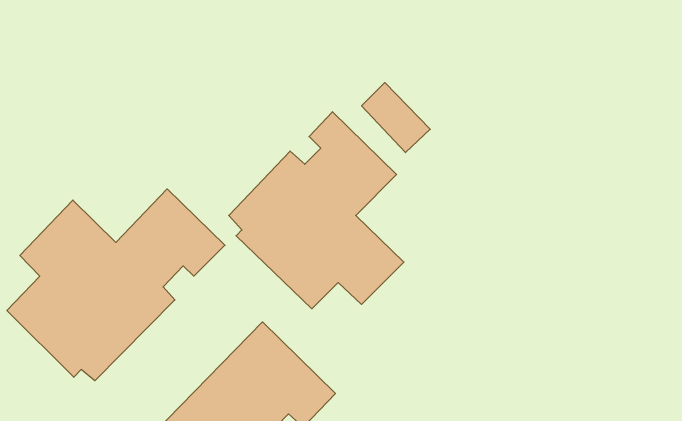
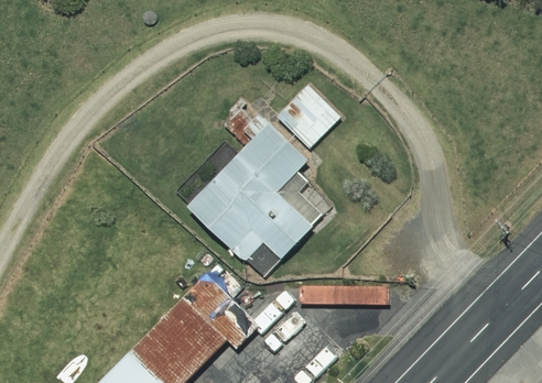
building: [7,189,225,381] -> none

